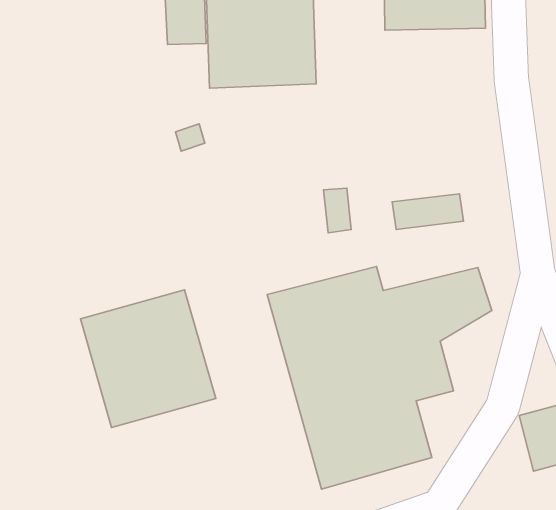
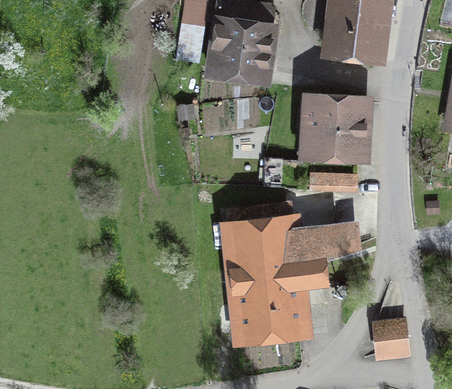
building: none -> [302,94,370,162]
building: [80,290,216,427] -> none

